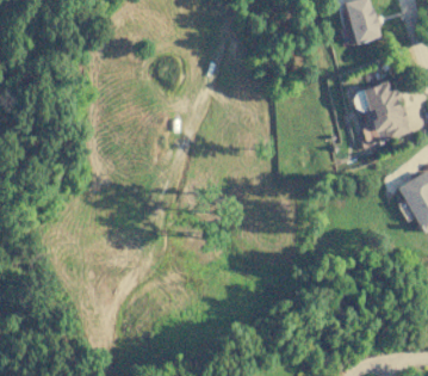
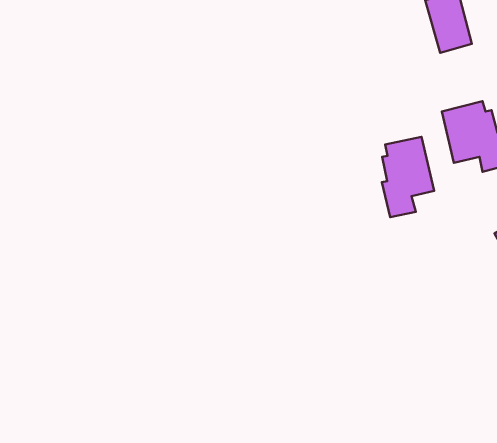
building: none -> [382,137,434,217]

